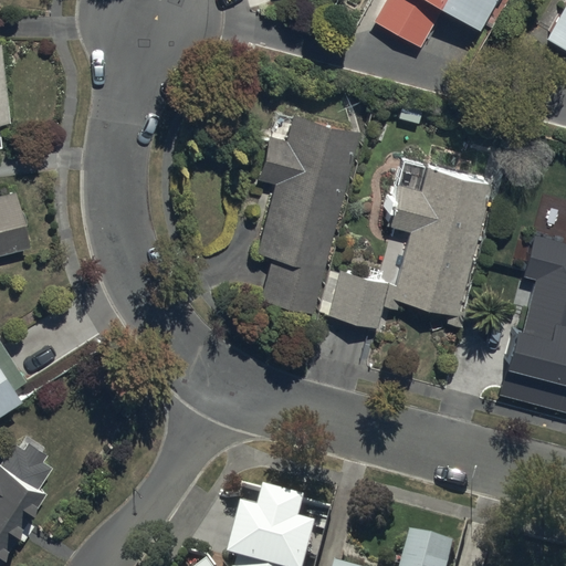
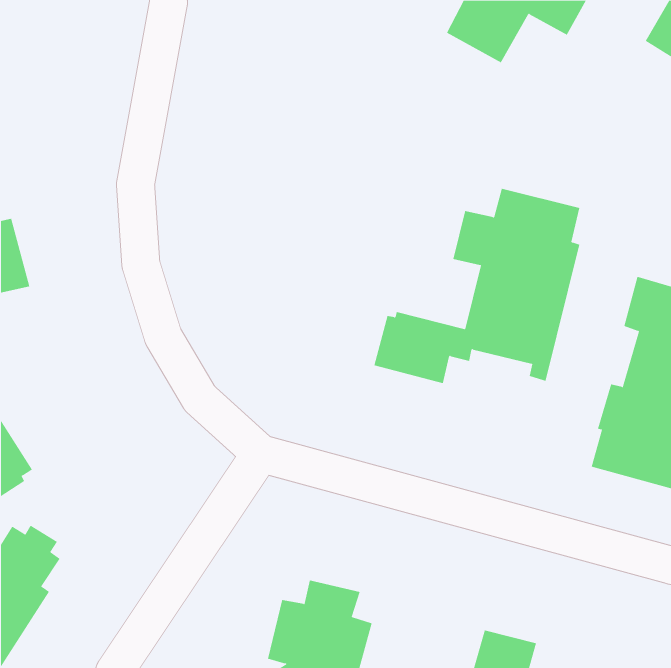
building: [253,111,356,311] -> none

